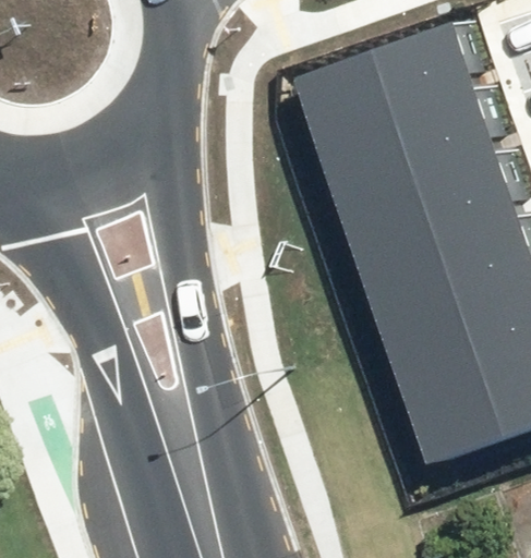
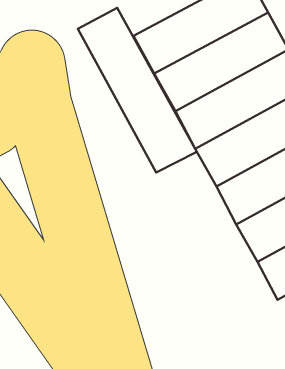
building: none -> [78,8,197,173]

